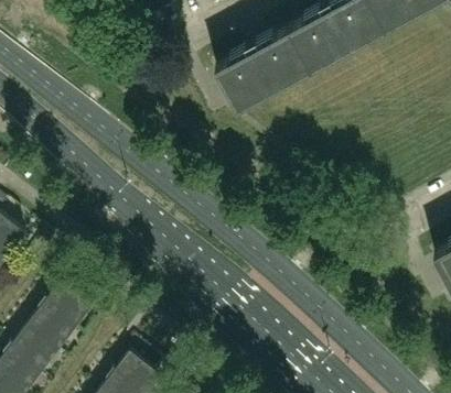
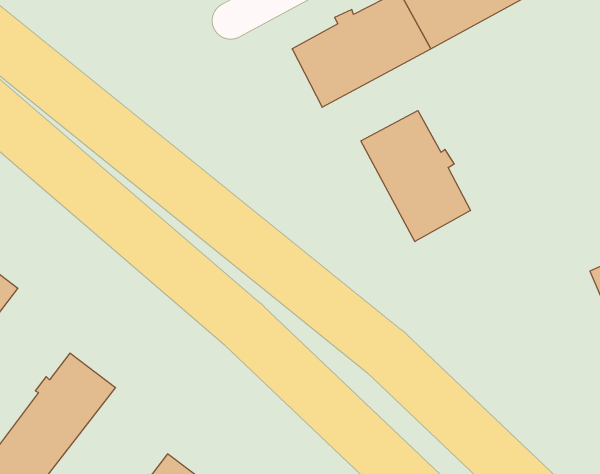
building: none -> [361,111,470,242]

